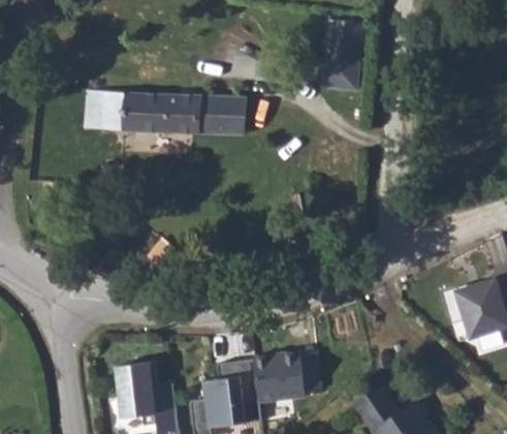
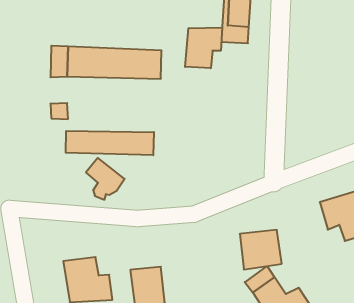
building: none -> [185,27,222,68]
building: none -> [66,131,154,155]
building: [253,355,307,406] -> [240,230,282,269]

